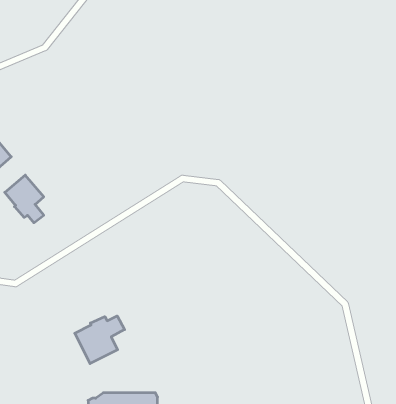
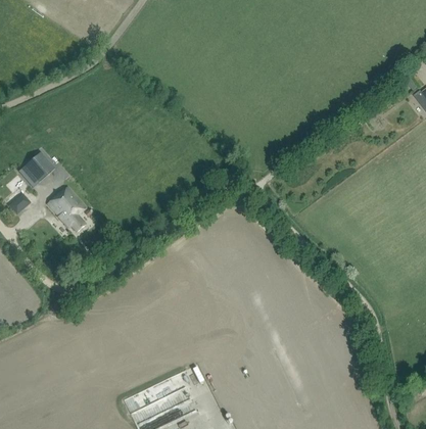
building: [75,316,125,364] -> none

